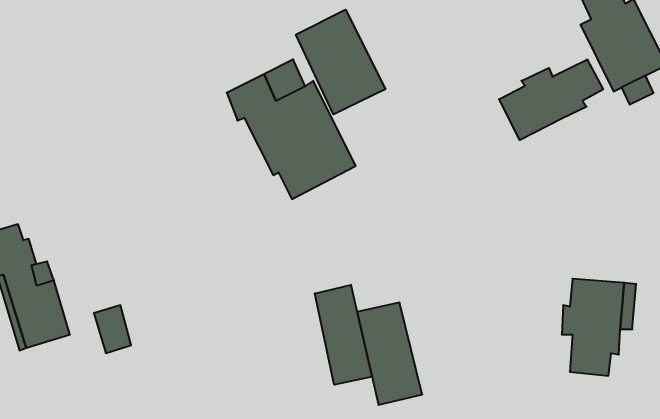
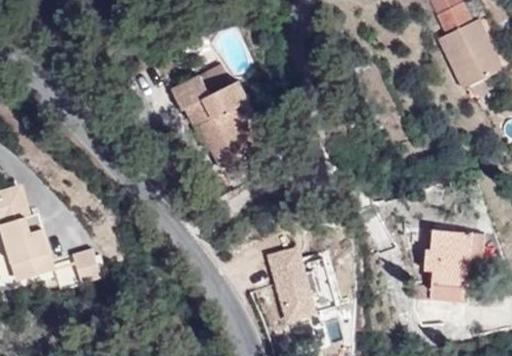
building: [296,10,385,114] -> none
building: [499,59,603,140] -> none
building: [315,285,372,385] -> none

